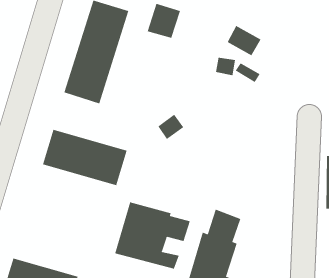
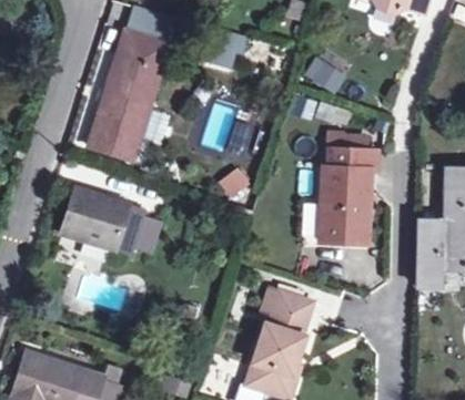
building: none -> [319,148,378,244]
building: [115,202,190,270] -> none

